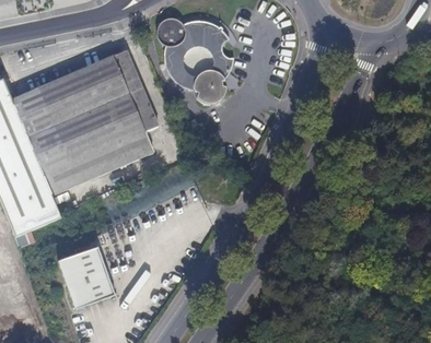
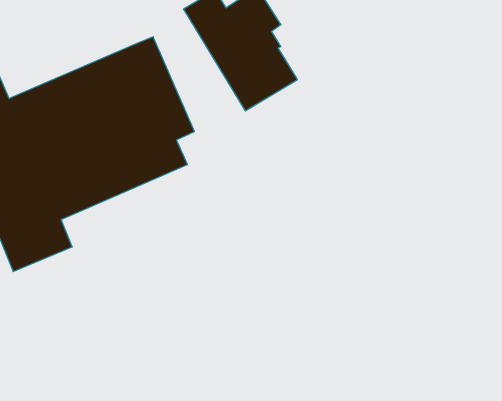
building: [57,246,114,309] -> none

